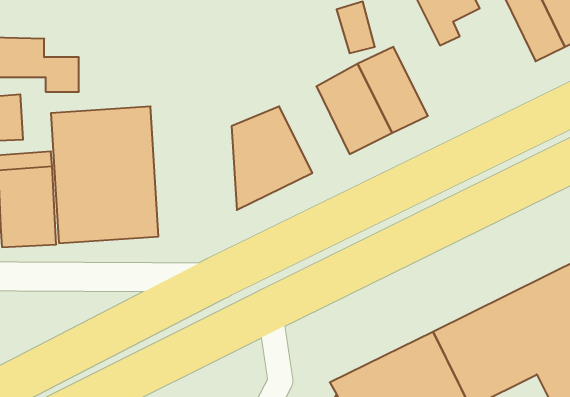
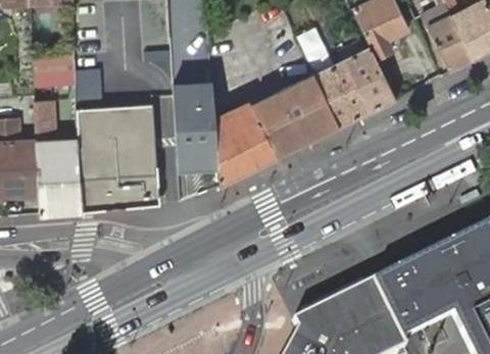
building: none -> [341,44,396,112]
building: none -> [175,84,218,171]
building: none -> [253,90,307,156]

